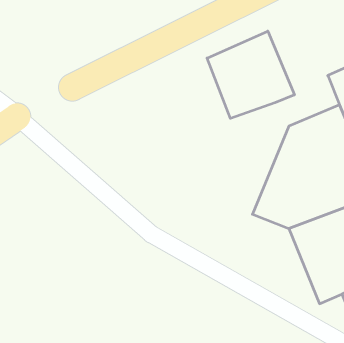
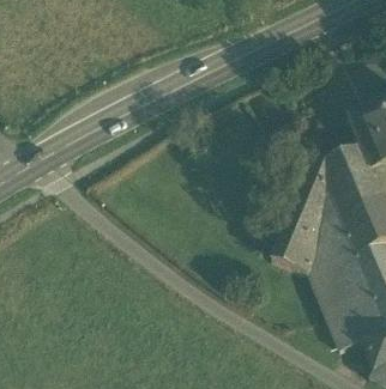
building: [207,31,294,118] -> none

